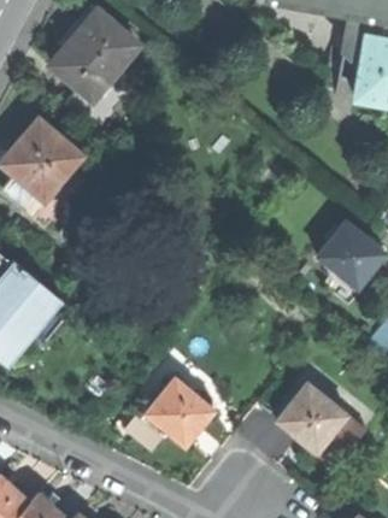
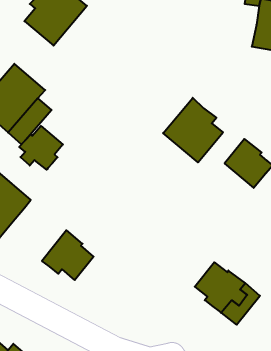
building: none -> [163,98,223,162]
building: none -> [19,126,63,170]
building: [143,378,212,445] -> [42,230,94,280]

